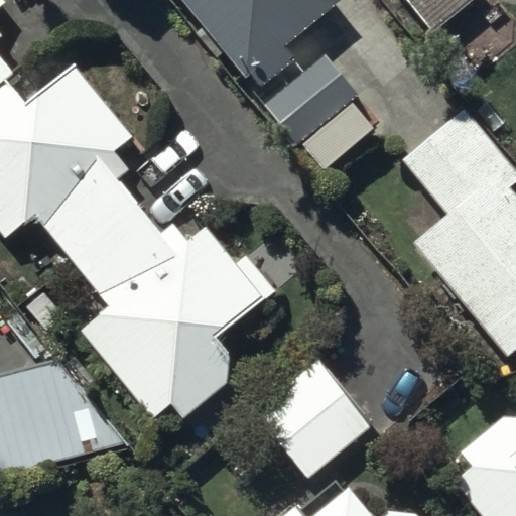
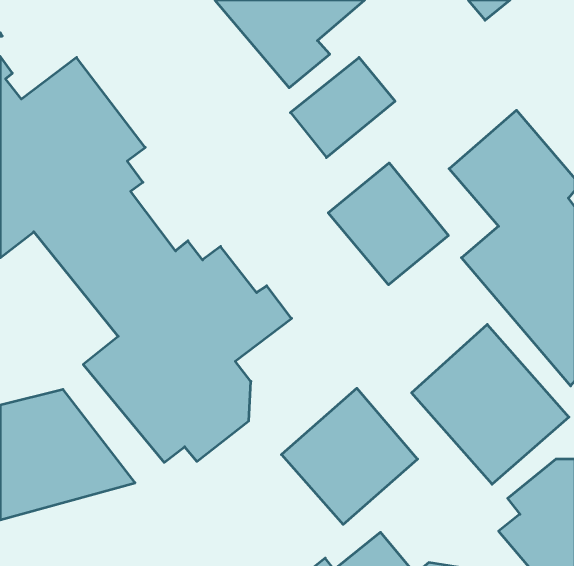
building: none -> [328,163,448,285]
building: none -> [412,324,569,484]

